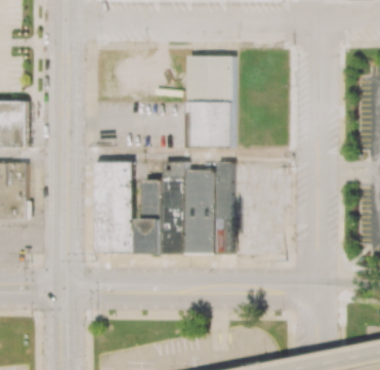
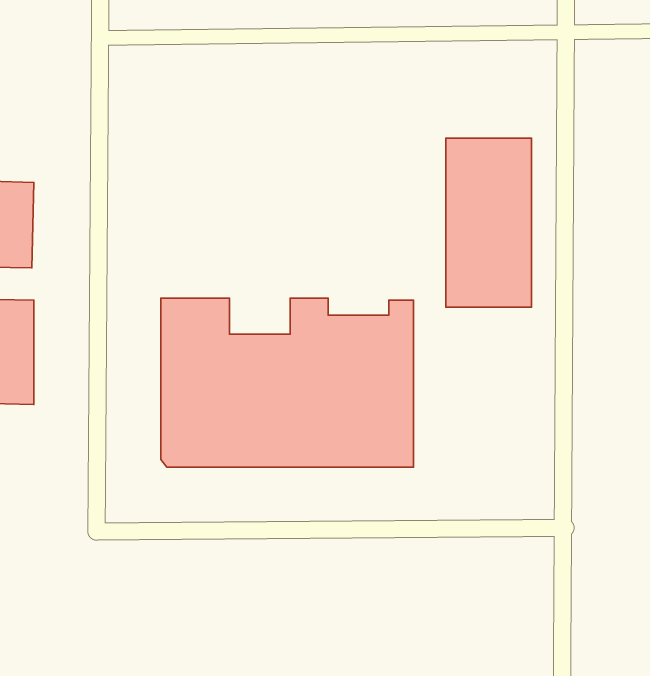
building: [187,55,234,147] -> [446,138,531,307]

